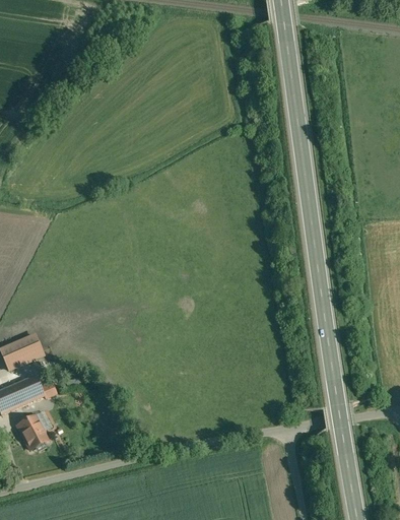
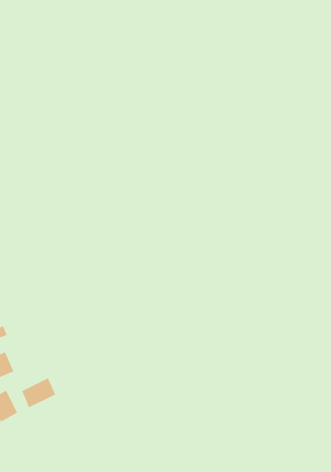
building: none -> [21,378,56,408]

